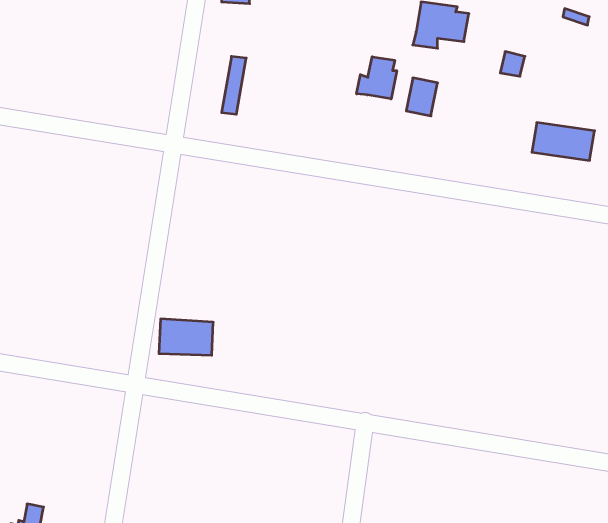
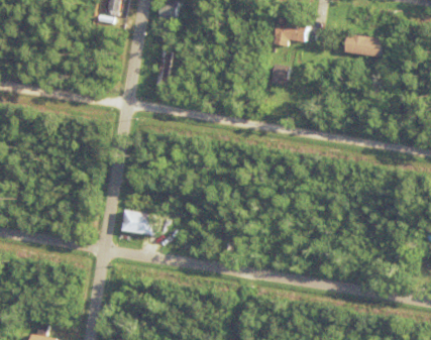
building: [357,57,397,99] -> none
building: [532,123,595,160] -> [345,34,384,58]

